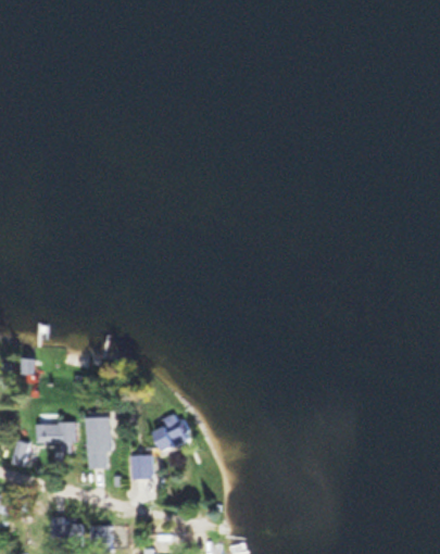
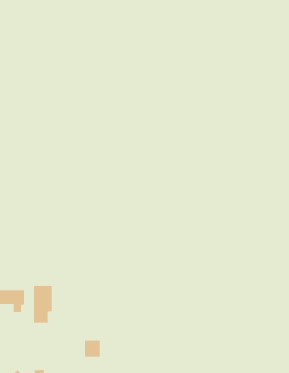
building: [149,412,185,451] -> none
building: [128,454,150,478] -> [84,340,101,358]

